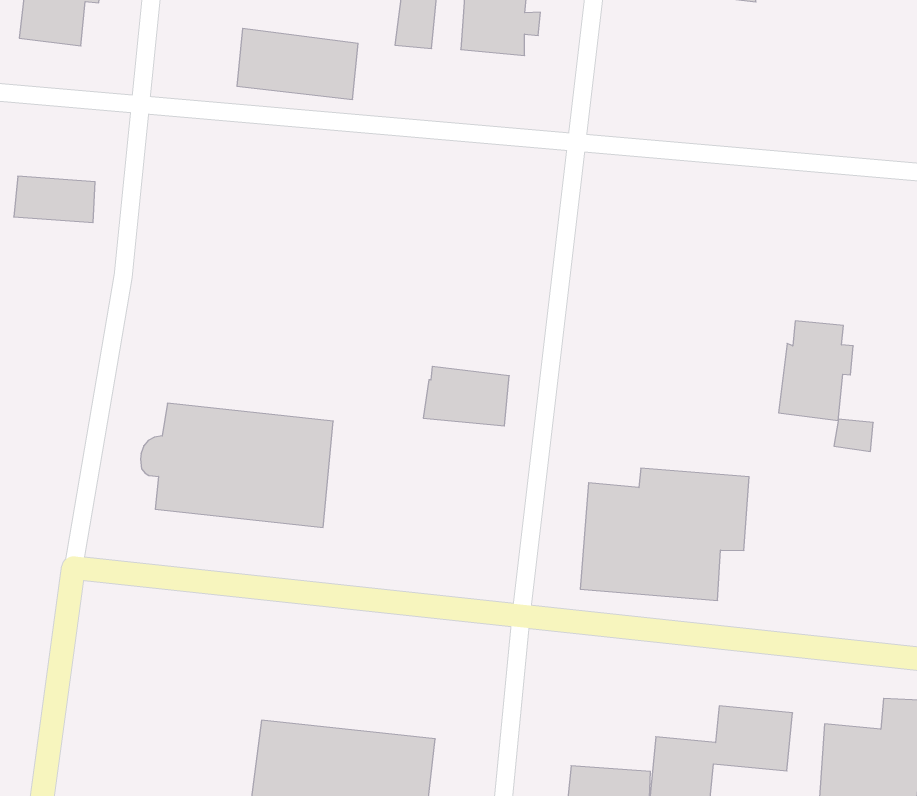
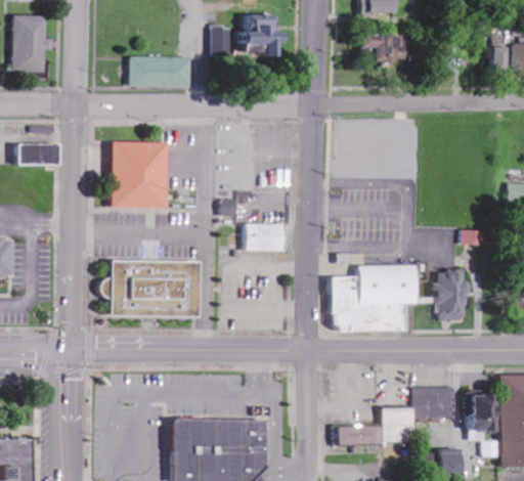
building: none -> [362,34,403,67]
building: none -> [108,141,165,207]
building: [779,321,853,421] -> [434,271,470,321]

